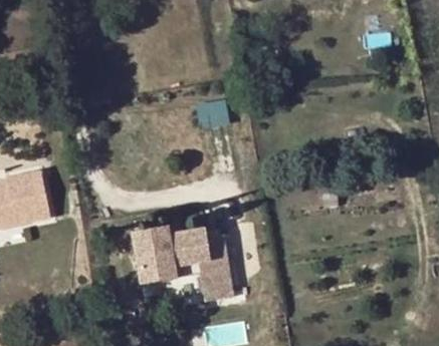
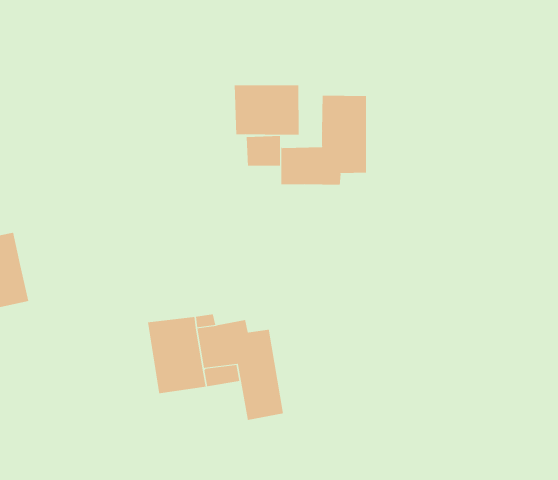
building: none -> [234,85,299,136]
building: none -> [281,95,366,186]

